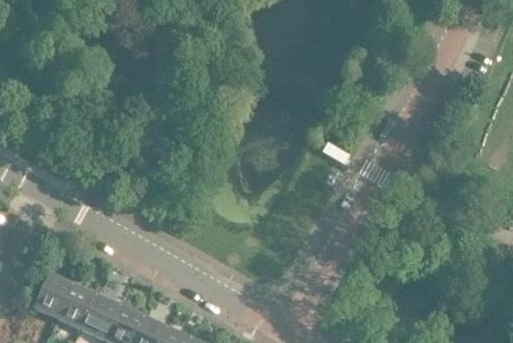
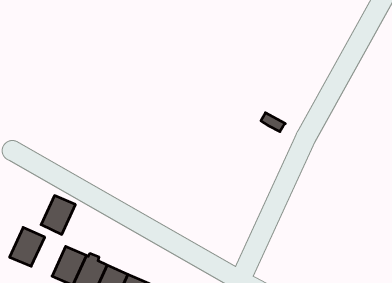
building: [58,285,97,330] -> [41,196,75,234]

